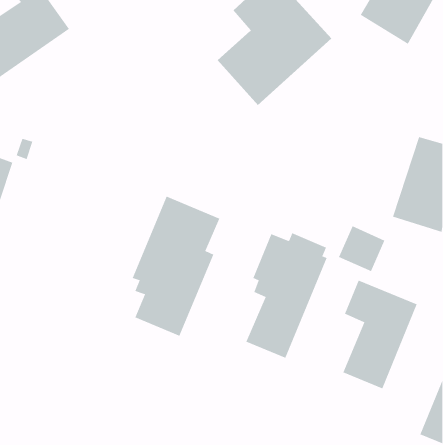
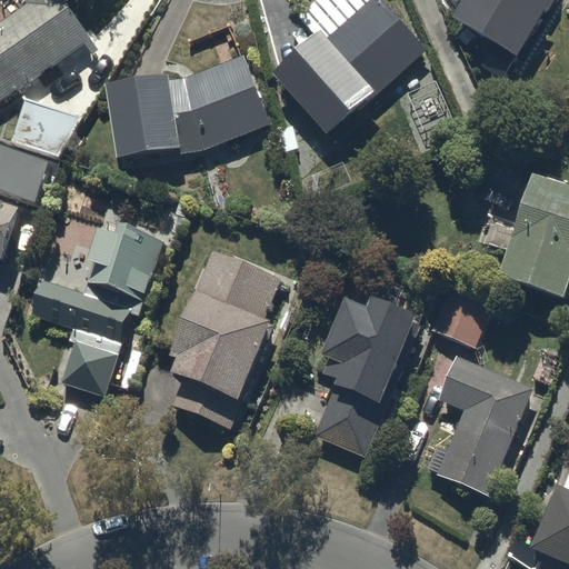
building: none -> [107,53,267,156]
building: none -> [10,97,80,154]
building: none -> [30,221,160,395]

